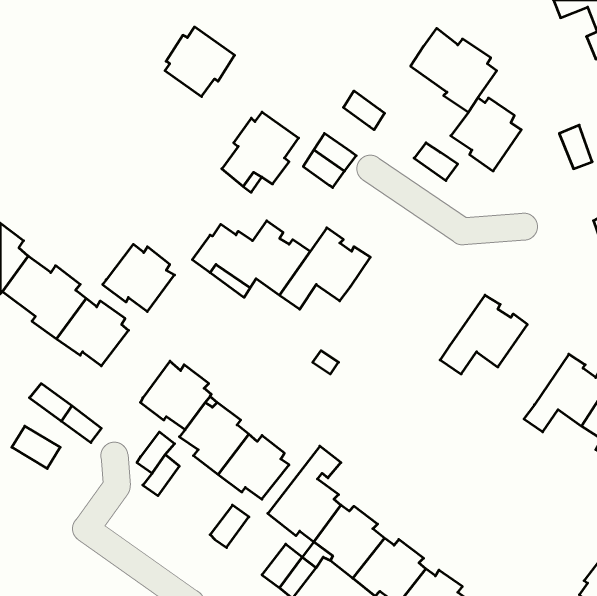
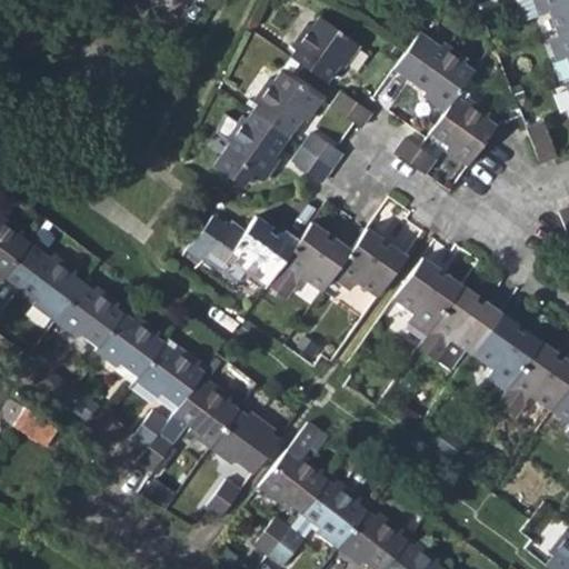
building: none -> [289,18,357,83]
building: [165,27,235,97] -> [252,71,318,137]
building: none -> [336,227,410,295]
building: [103,244,175,312] -> [98,318,166,381]
building: none -> [396,257,462,332]
building: none -> [475,312,541,388]

